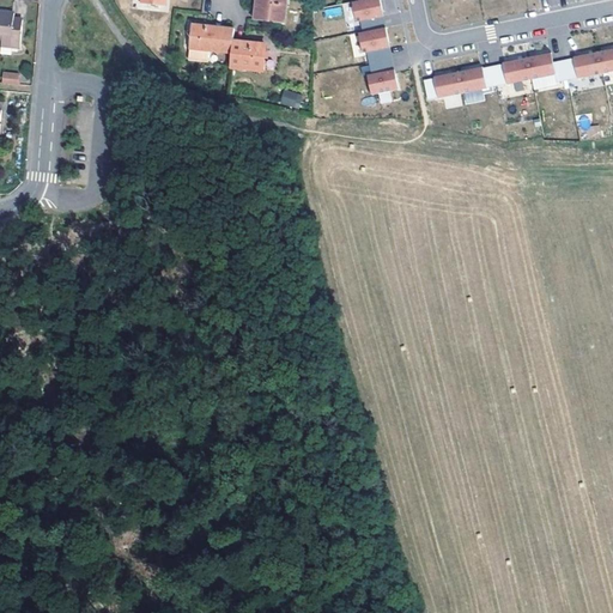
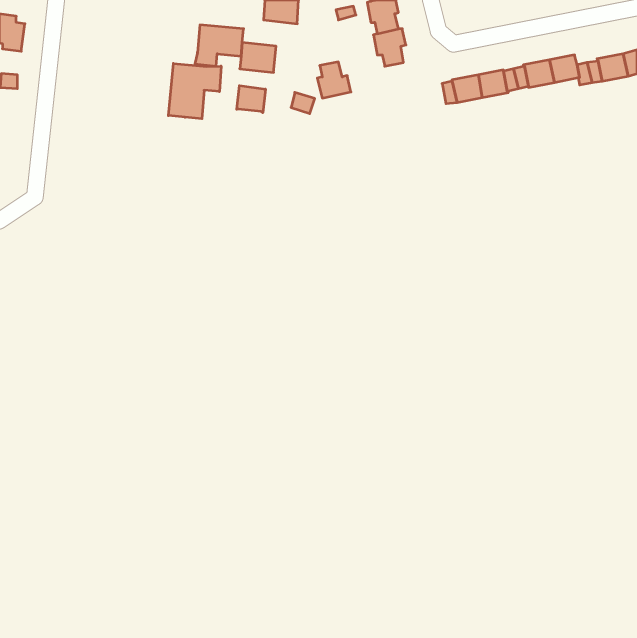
building: [366,60,399,95] -> [317,62,351,98]
building: none -> [168,63,221,119]
building: none -> [237,86,265,113]

